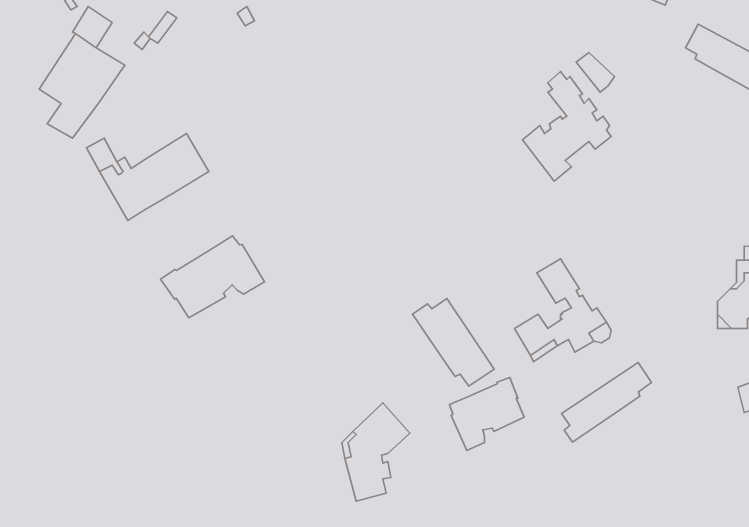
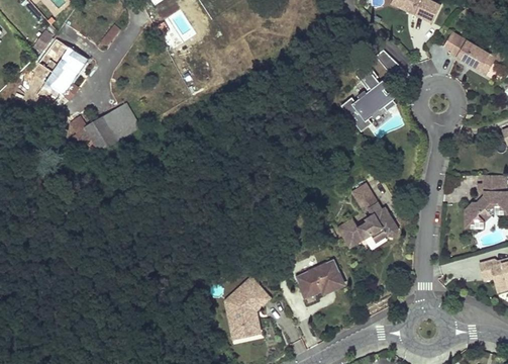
building: [161,236,264,318] -> none
building: [412,298,494,386] -> none
building: [562,363,652,442] -> none

